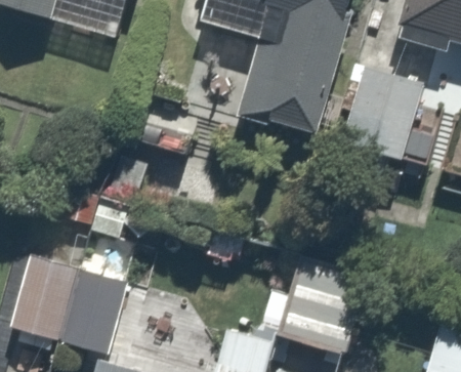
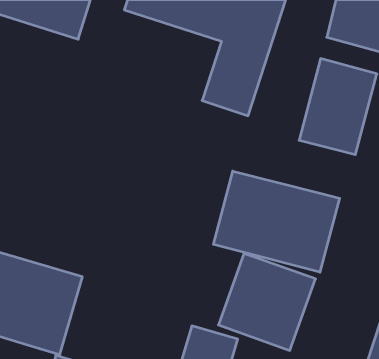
building: none -> [213,171,340,272]

